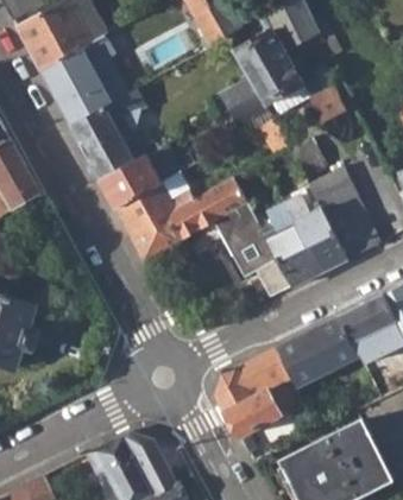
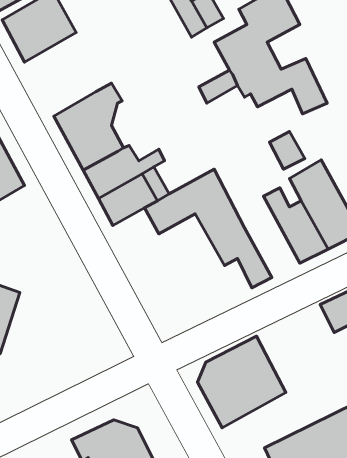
building: [39,34,114,126] -> none
building: [262,207,317,289] -> none
building: [128,219,175,262] -> none
building: [273,316,352,375] -> none

